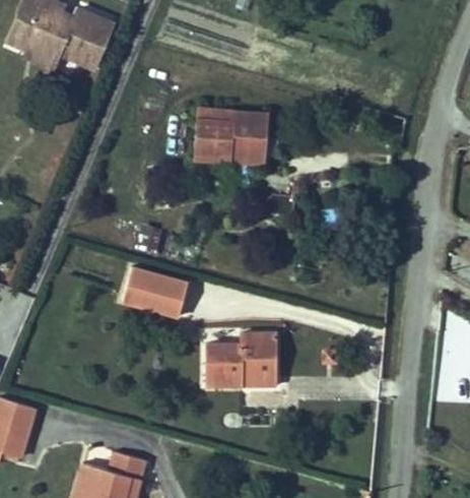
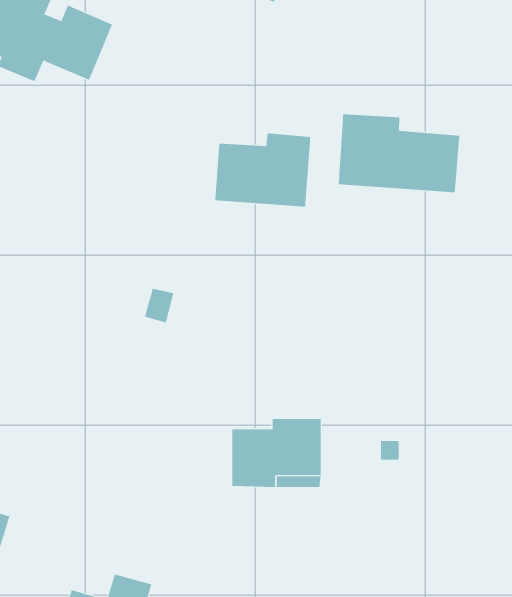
building: none -> [338,114,460,193]
building: [128,275,188,320] -> none

